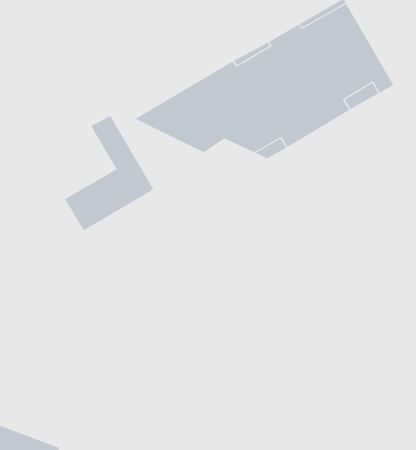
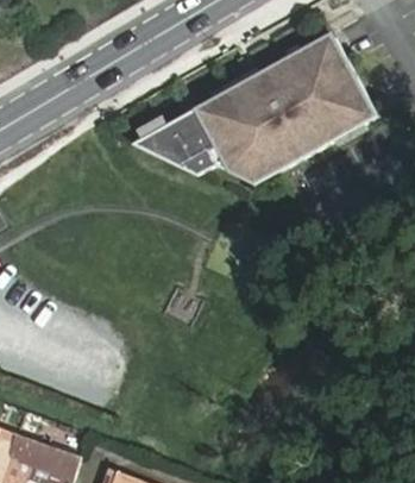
building: [64,115,154,231] -> none

